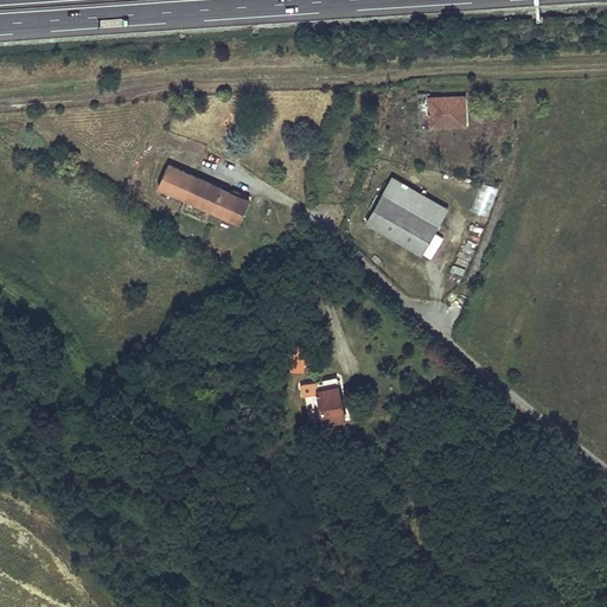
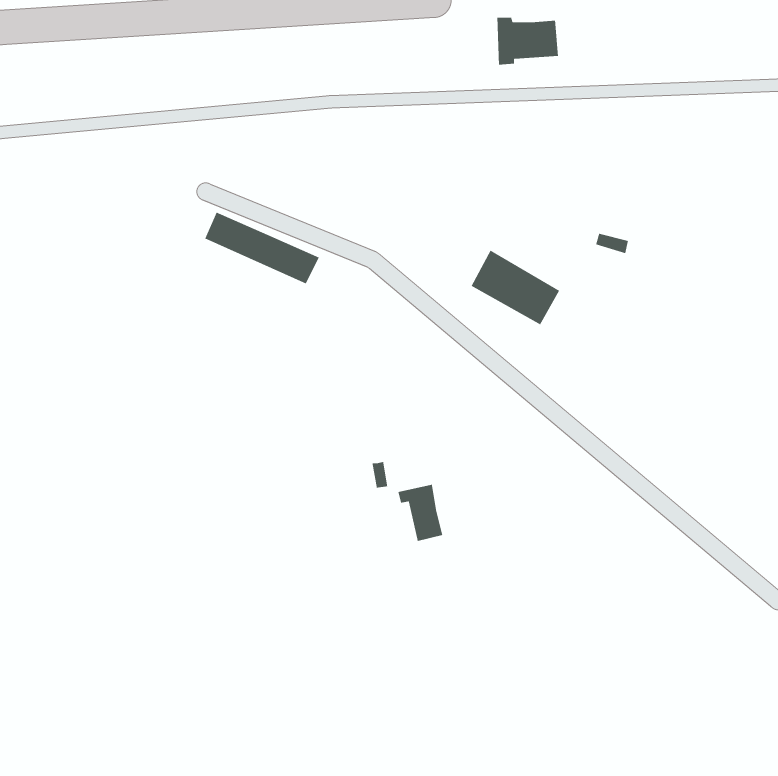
building: [417,95,466,133] -> [497,17,559,66]
building: [382,178,447,228] -> none

